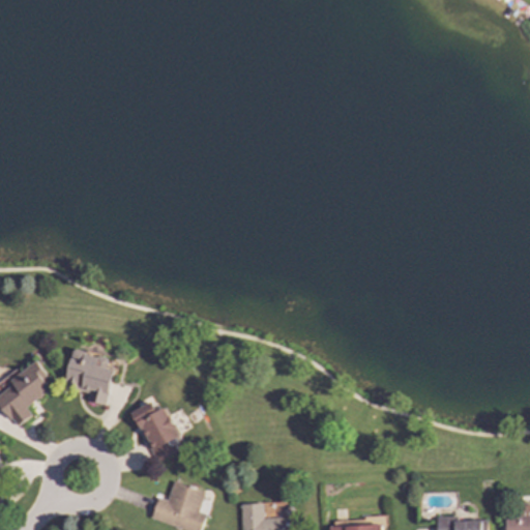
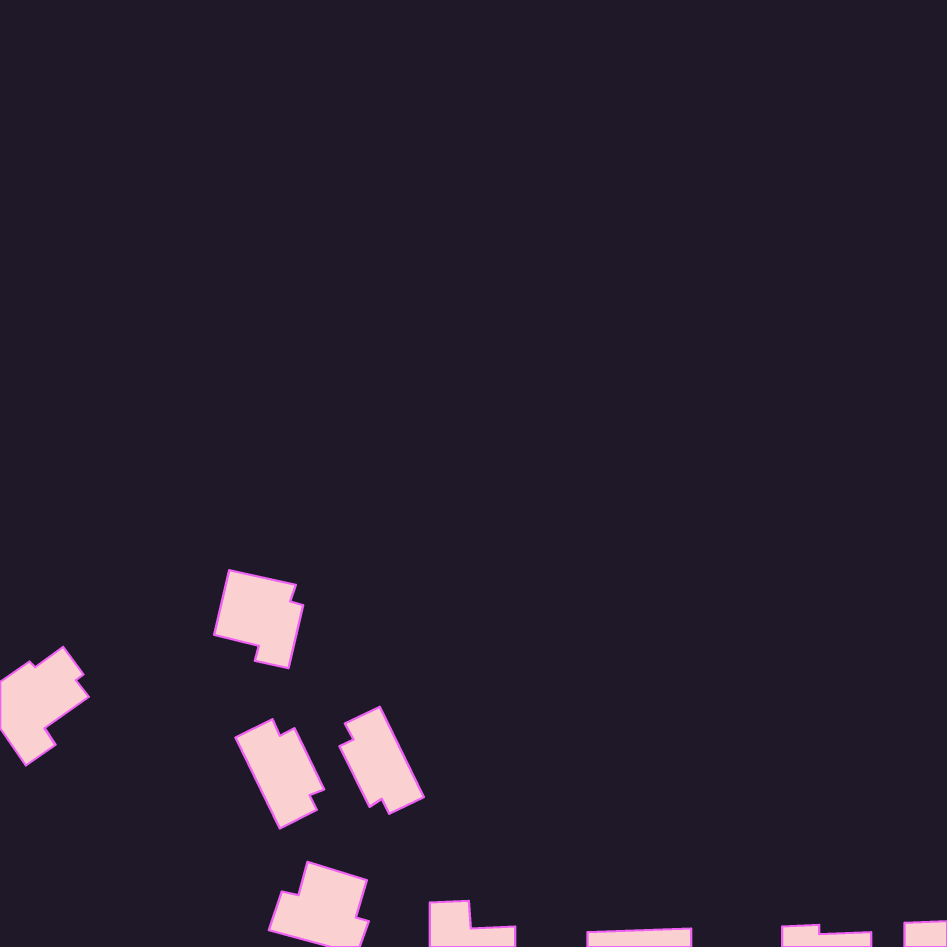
building: [64,350,114,405] -> [214,570,303,668]
building: none -> [339,707,424,814]

